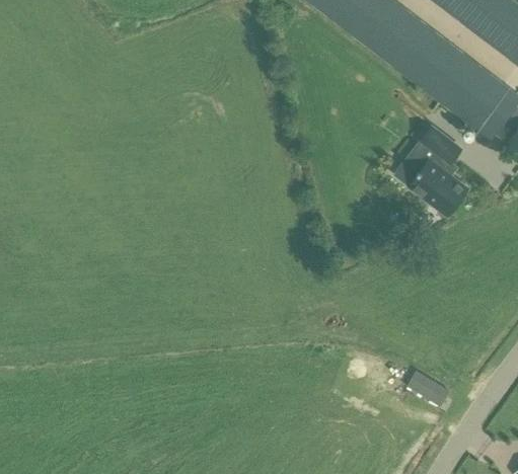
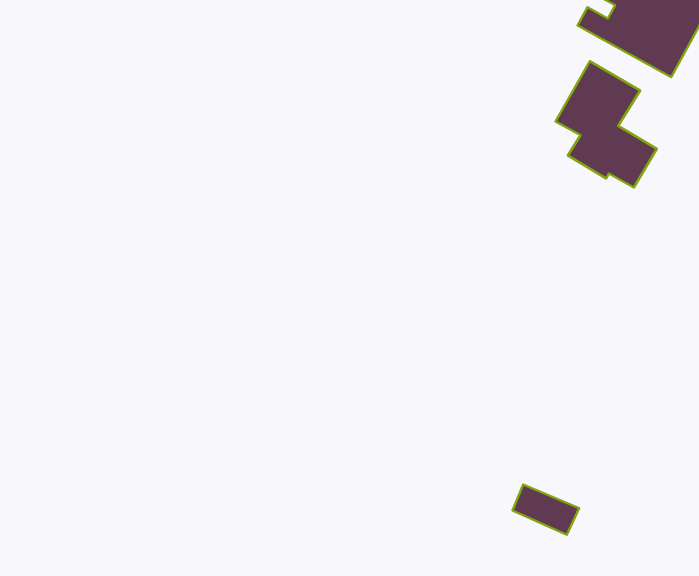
building: [408,368,451,404] -> [513,484,579,535]

